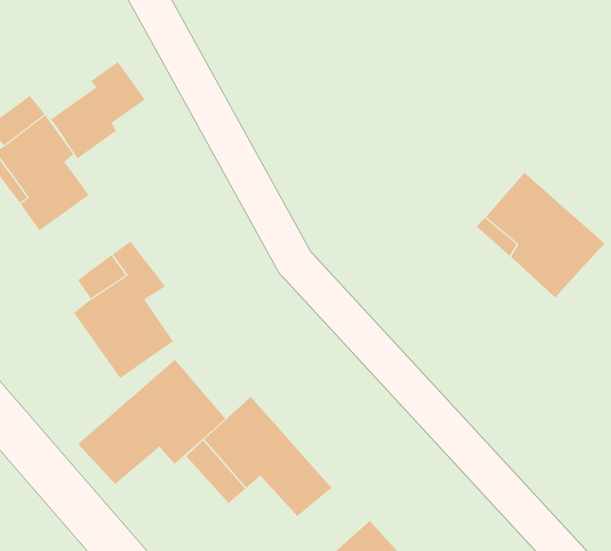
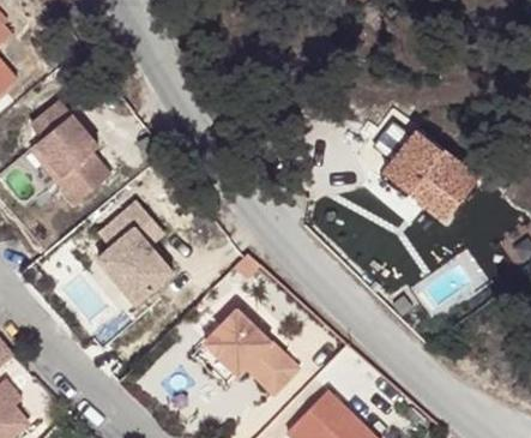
building: [50,61,146,159] -> none
building: [77,359,226,485] -> none

